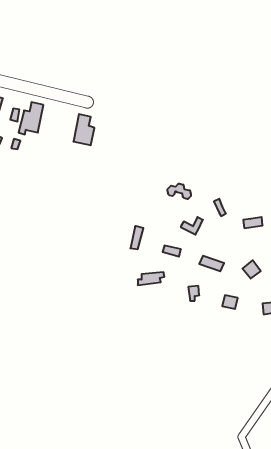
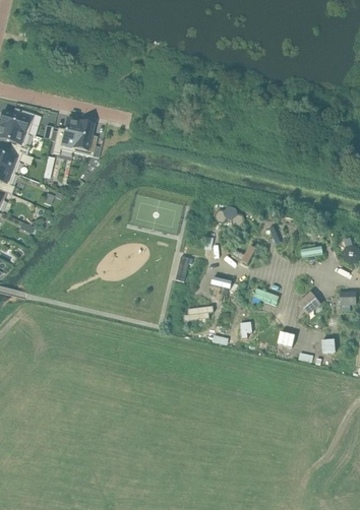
building: [73,114,94,145] -> [72,120,96,154]

